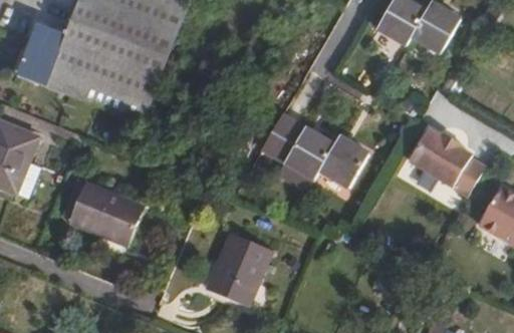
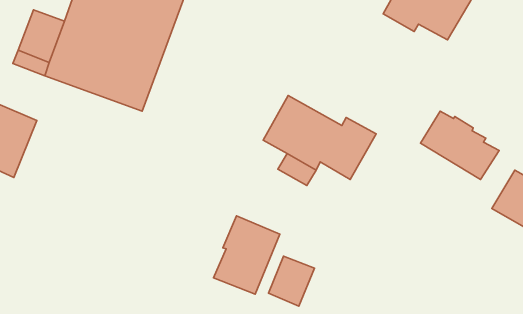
building: [69,180,147,246] -> none
building: none -> [268,256,314,306]

